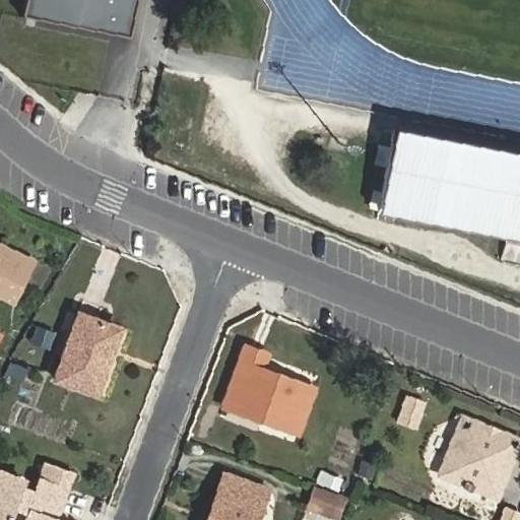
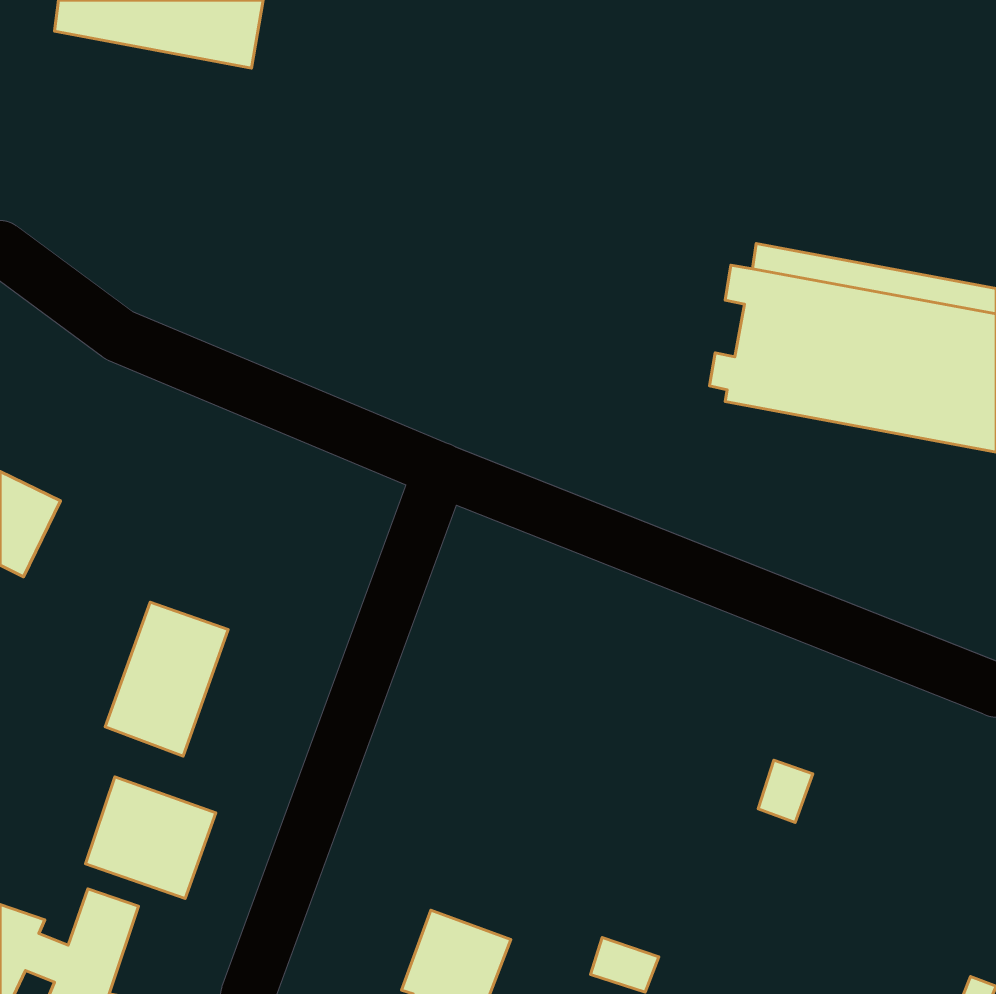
building: [223,347,314,434] -> none
building: none -> [85,777,216,899]
building: [445,424,514,493] -> none

